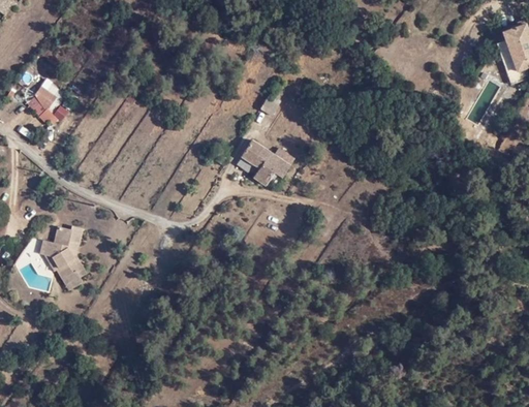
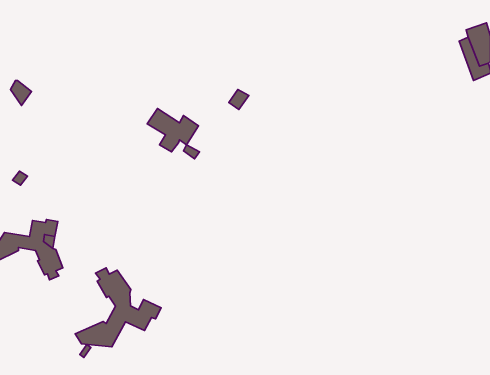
building: [240,139,292,184] -> [147,109,199,152]
building: none -> [75,268,161,347]

